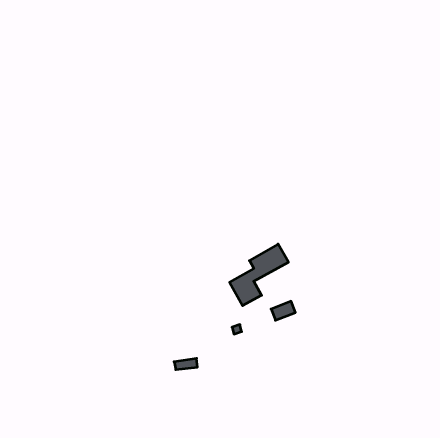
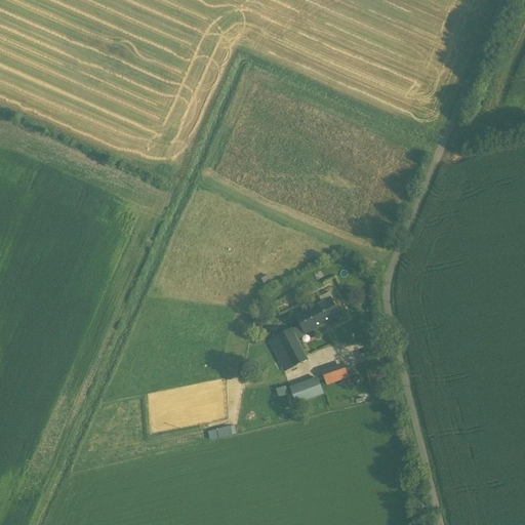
building: none -> [289,376,322,403]

